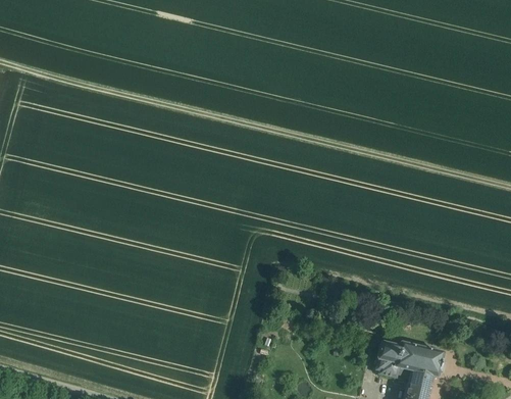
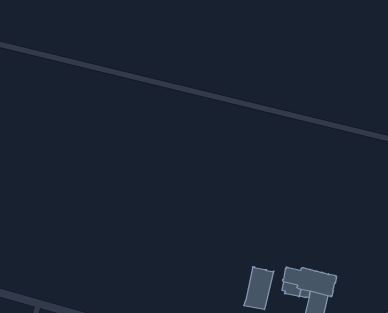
building: none -> [244,267,274,310]

